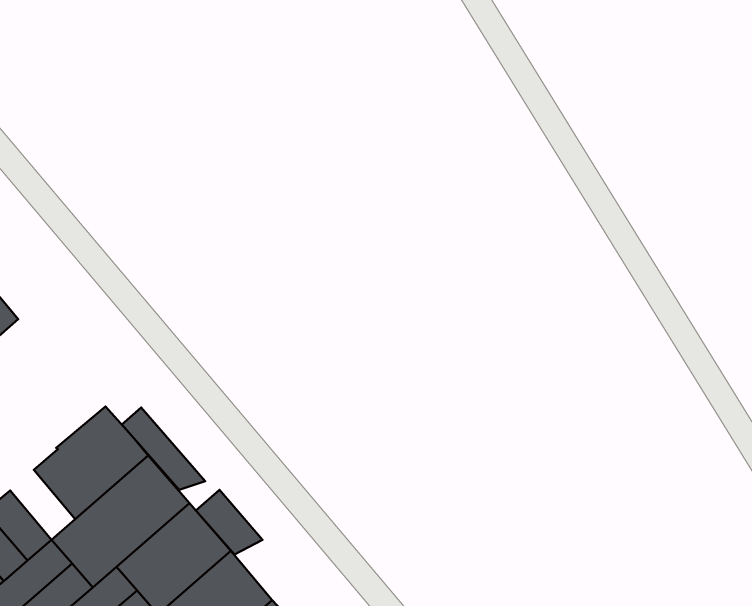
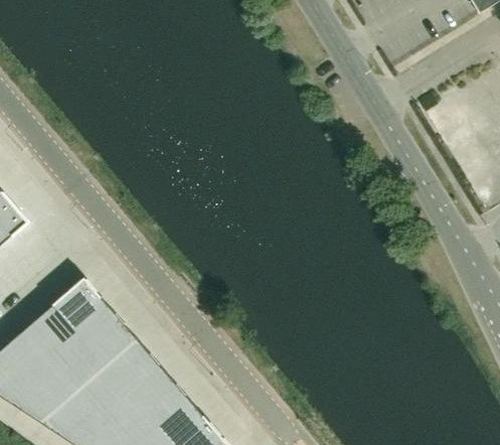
building: [122,407,205,490] -> none
building: none -> [21,317,62,361]
building: [196,490,262,554] -> none

